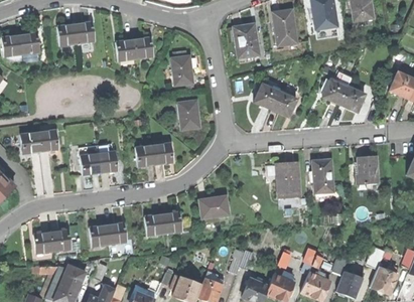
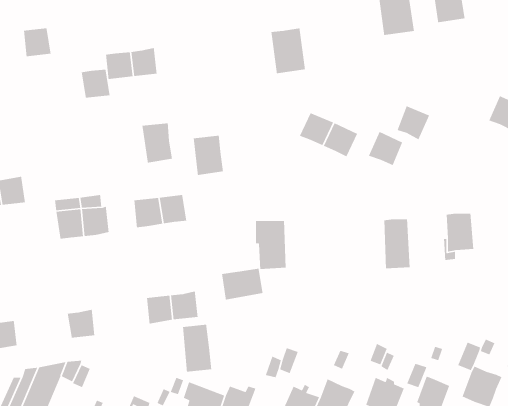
building: [272,9,296,44] -> none
building: [75,21,96,42] -> [81,69,110,99]
building: [171,55,193,85] -> [142,122,173,163]
building: [339,86,365,111] -> [368,131,403,166]
building: [277,161,299,196] -> [255,220,286,270]
building: [107,220,128,243] -> none
building: [51,229,73,250] -> none
building: none -> [182,324,212,373]

